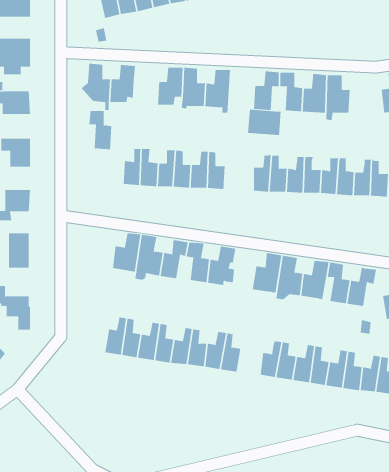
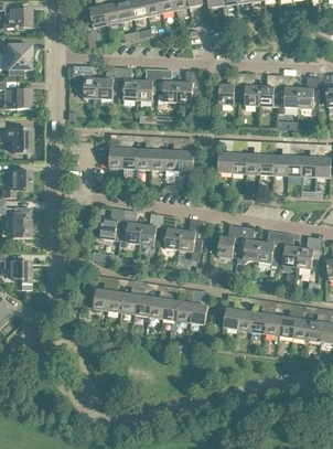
building: none -> [298,76,320,108]
building: [248,109,281,136] -> none
building: [89,110,112,150] -> [118,67,138,100]

